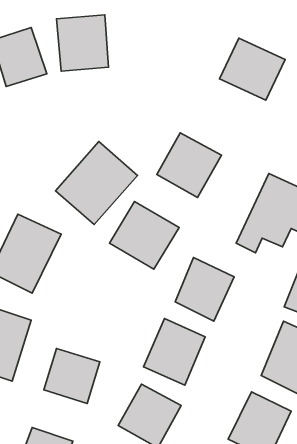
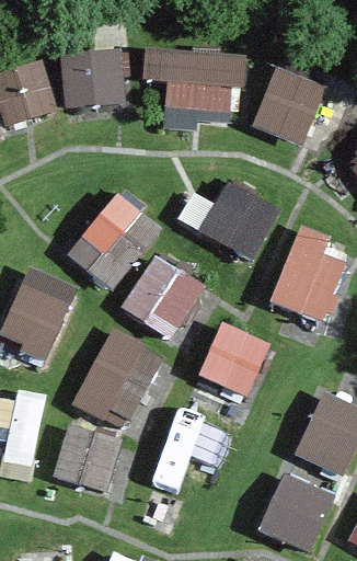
building: none -> [149,46,240,113]
building: none -> [71,332,161,431]

